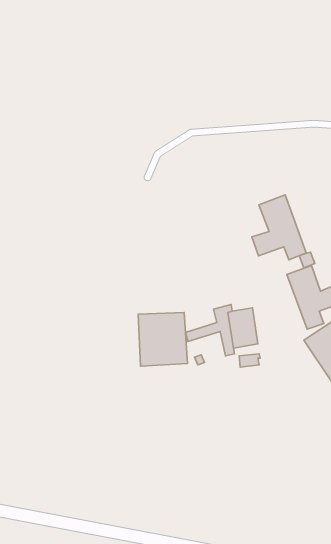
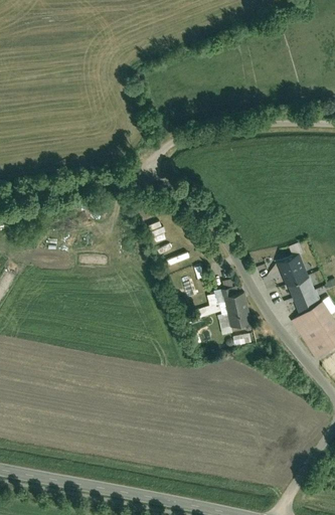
building: [252,195,306,260] -> none
building: [138,312,188,366] -> none

